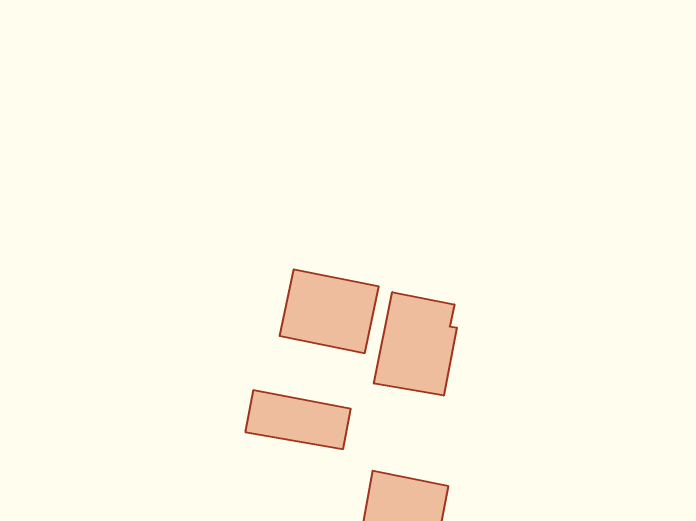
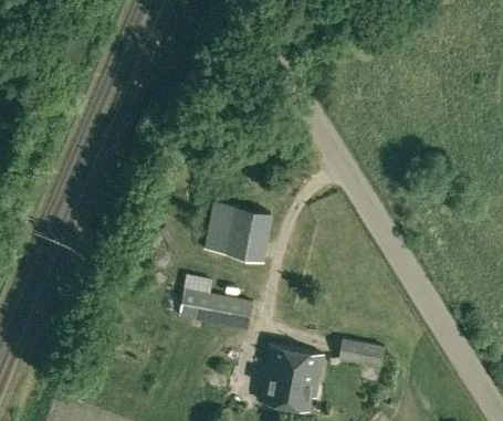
building: [374,292,457,396] -> none
building: none -> [339,340,386,367]

